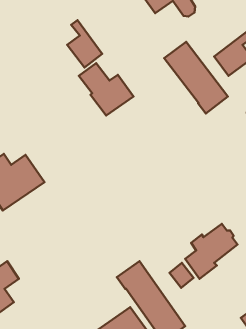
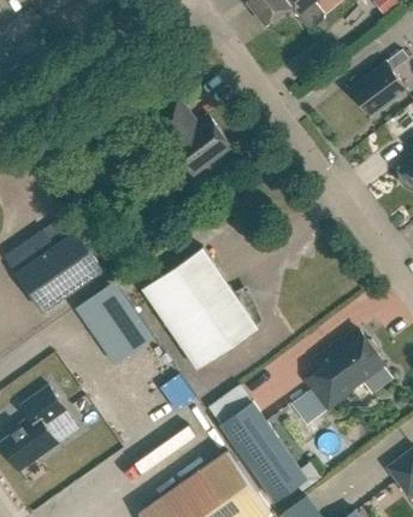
building: [67,20,102,67] -> none
building: [164,42,228,114] -> none
building: none -> [143,247,259,370]
building: none -> [64,277,144,365]

